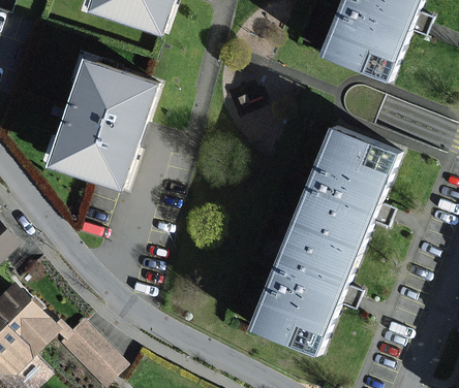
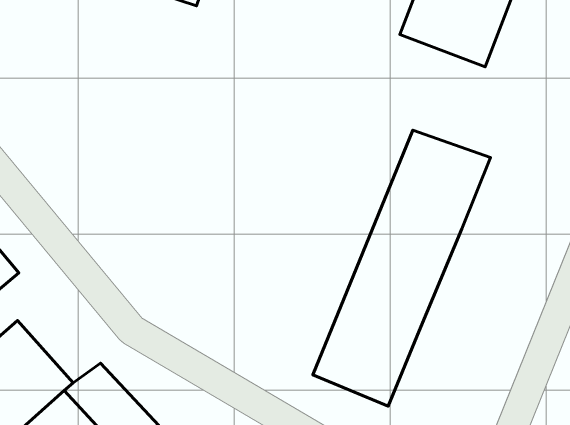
building: [50,64,155,189] -> none

